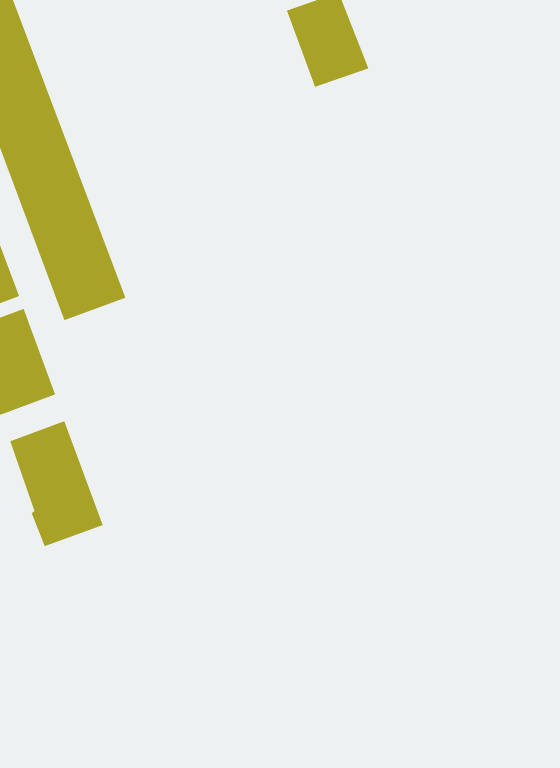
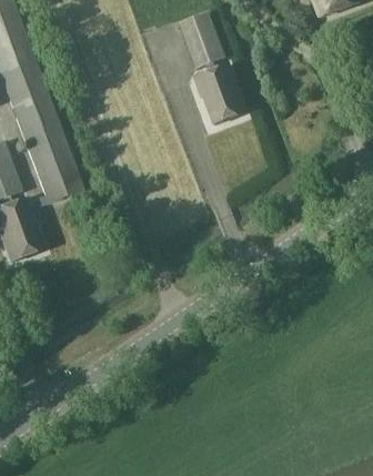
building: none -> [194,63,248,123]
building: [9,420,104,547] -> none

